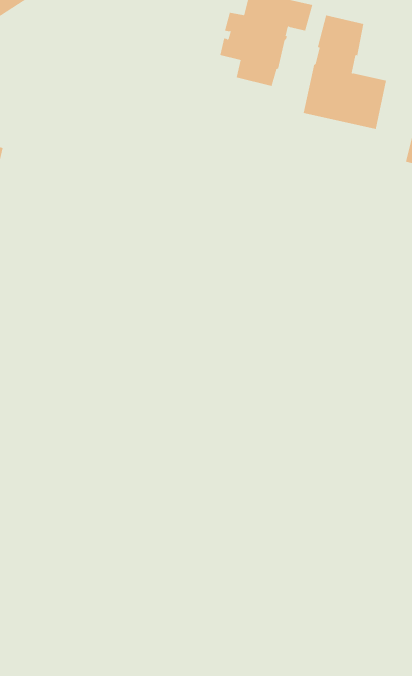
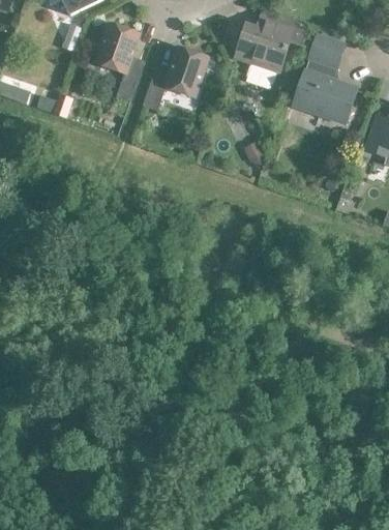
building: none -> [94,24,143,100]
building: none -> [143,47,209,110]

